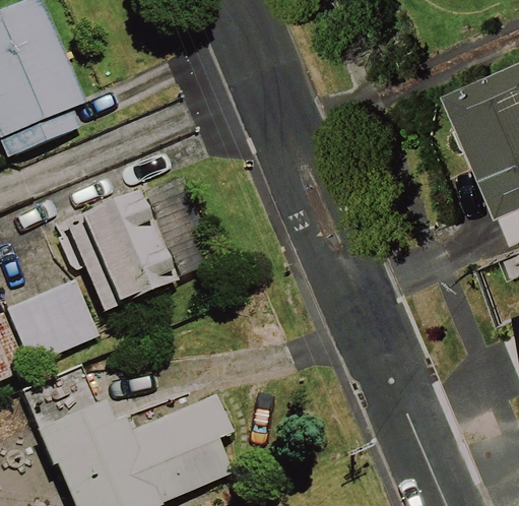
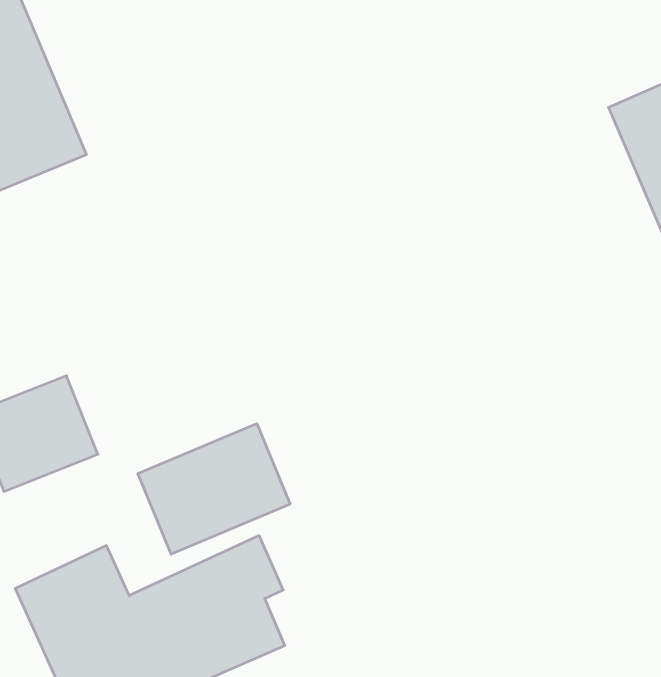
building: [62,189,177,312] -> none
building: none -> [138,424,290,554]

